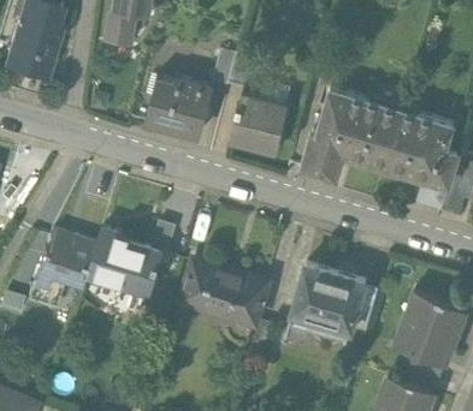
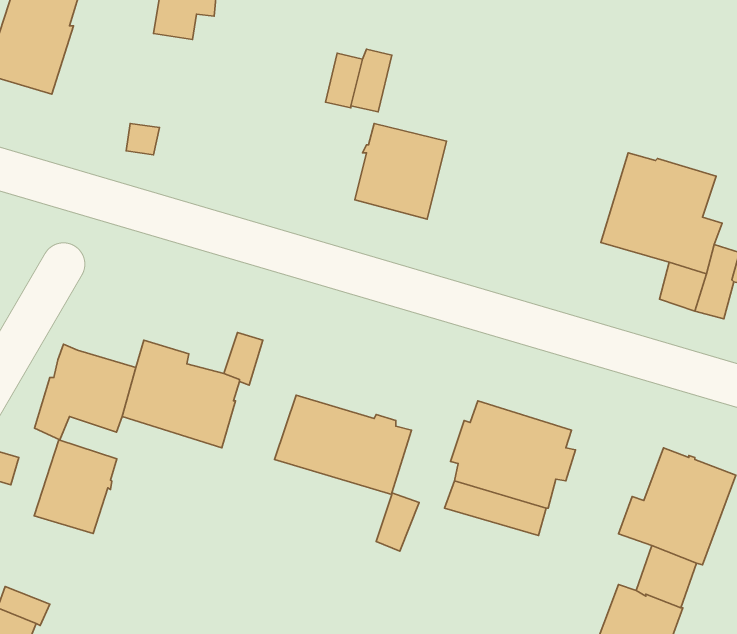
building: [147,77,213,131] -> none
building: [303,89,400,179] -> none
building: none -> [34,440,117,534]

